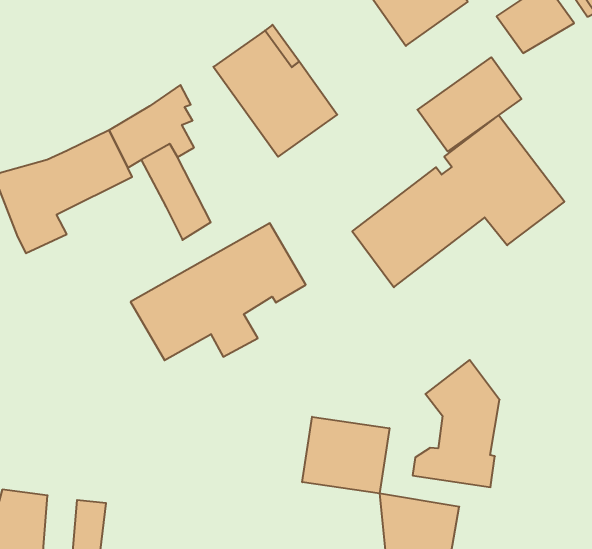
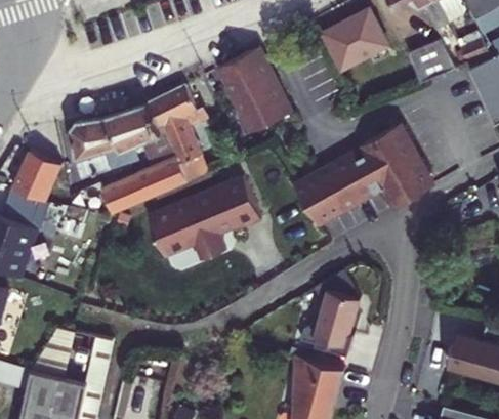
building: [417,57,521,151] -> none
building: none -> [102,158,183,212]
building: [302,417,389,494] -> none

